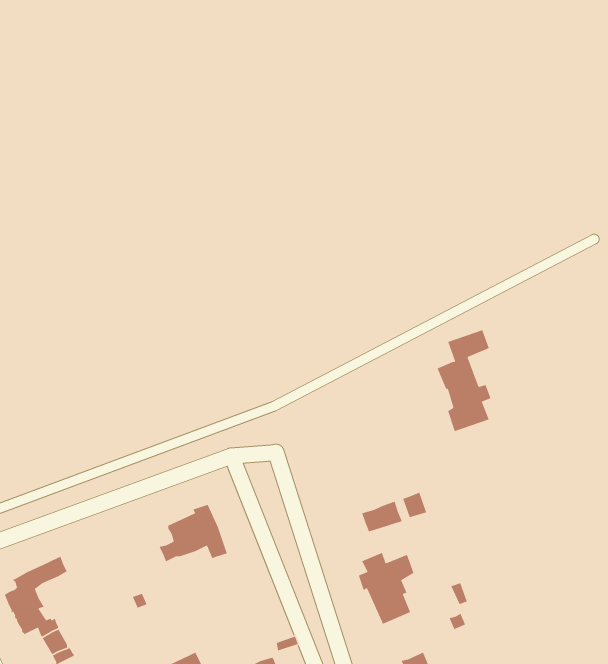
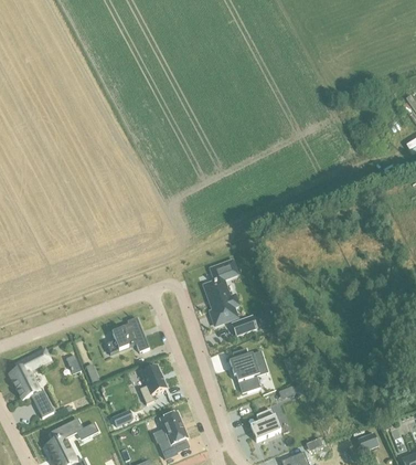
building: [436,329,492,432] -> [204,261,238,325]
building: none -> [139,364,167,403]

